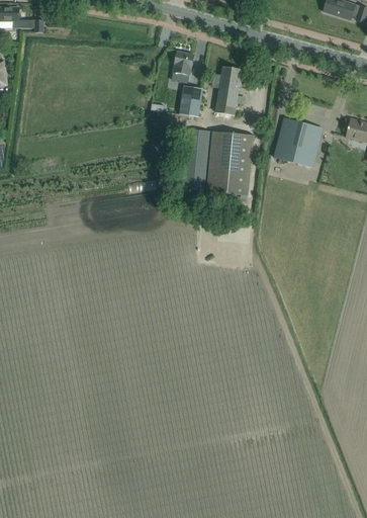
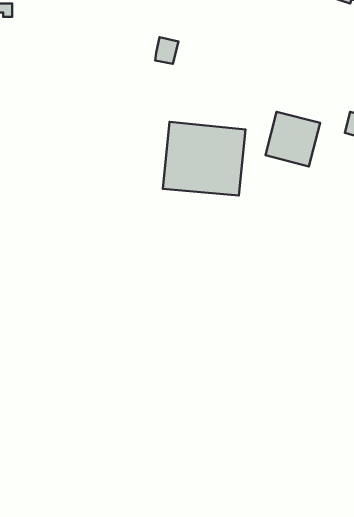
building: [215,66,242,114] -> none
building: [178,85,202,115] -> none

